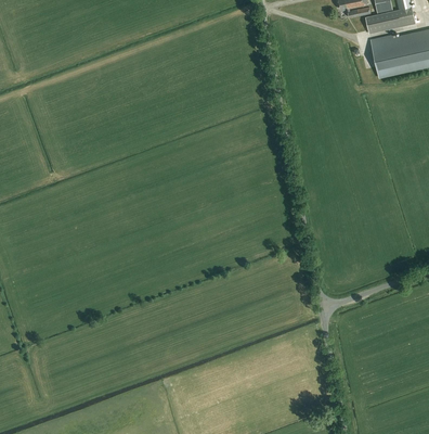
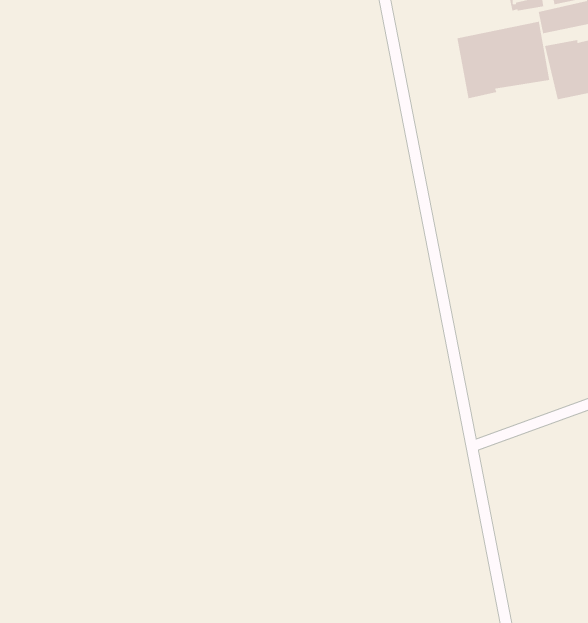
building: none -> [456,21,550,99]

